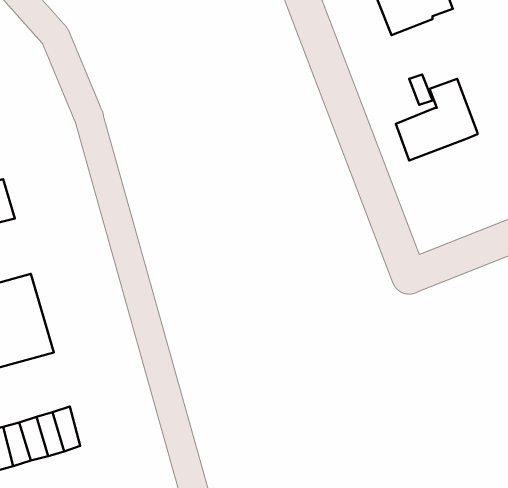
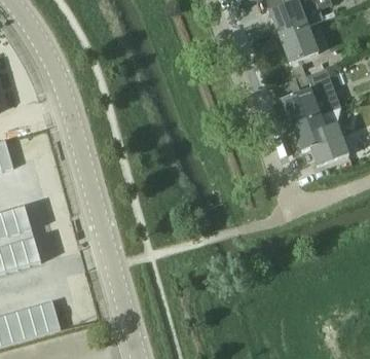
building: none -> [281,27,320,65]
building: none -> [293,108,349,166]

